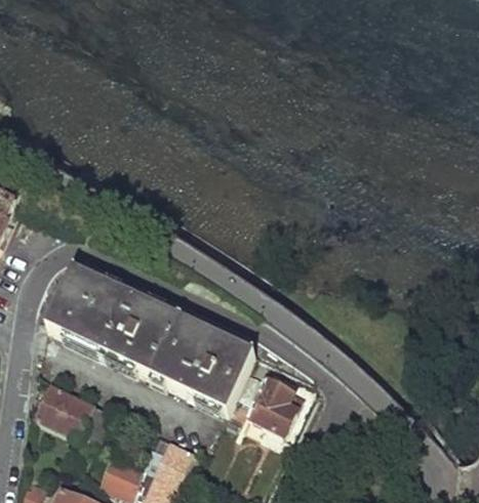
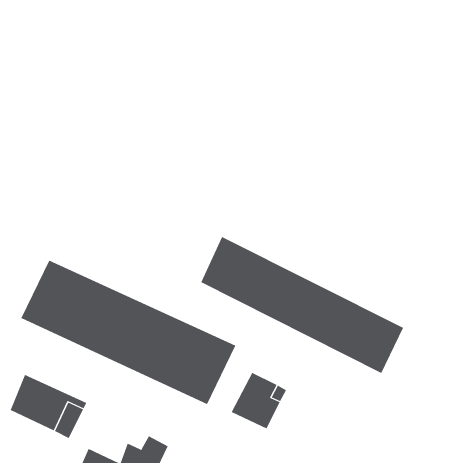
building: none -> [200,236,404,374]

